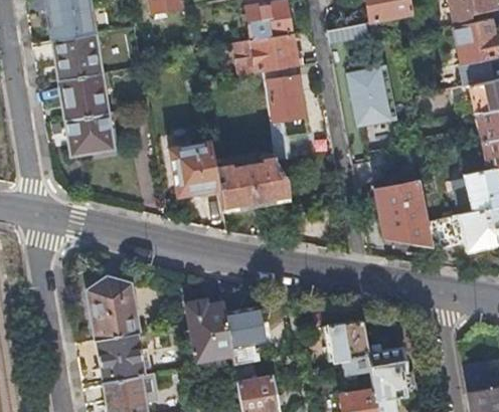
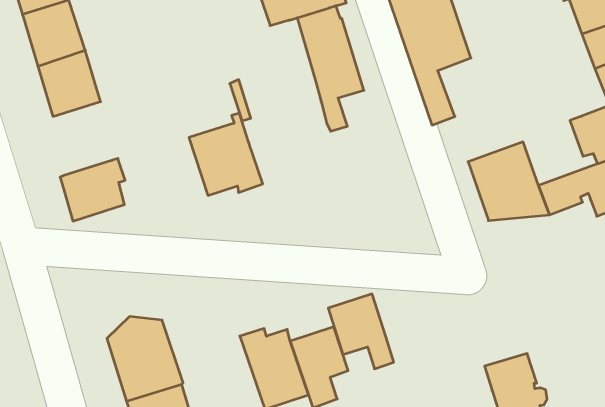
building: [67,113,116,155] -> [60,158,125,221]
building: [214,154,291,211] -> none
building: [327,318,370,374] -> [328,294,394,369]

